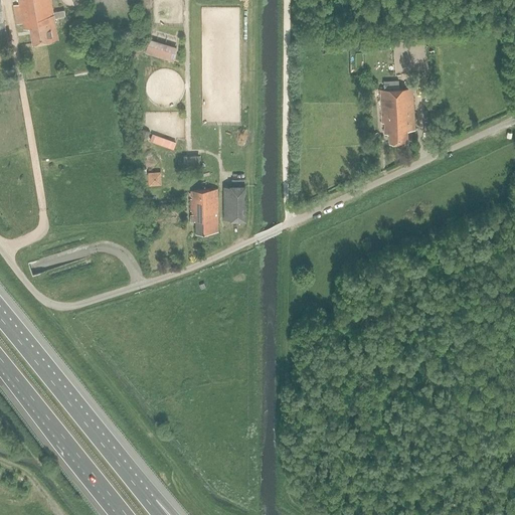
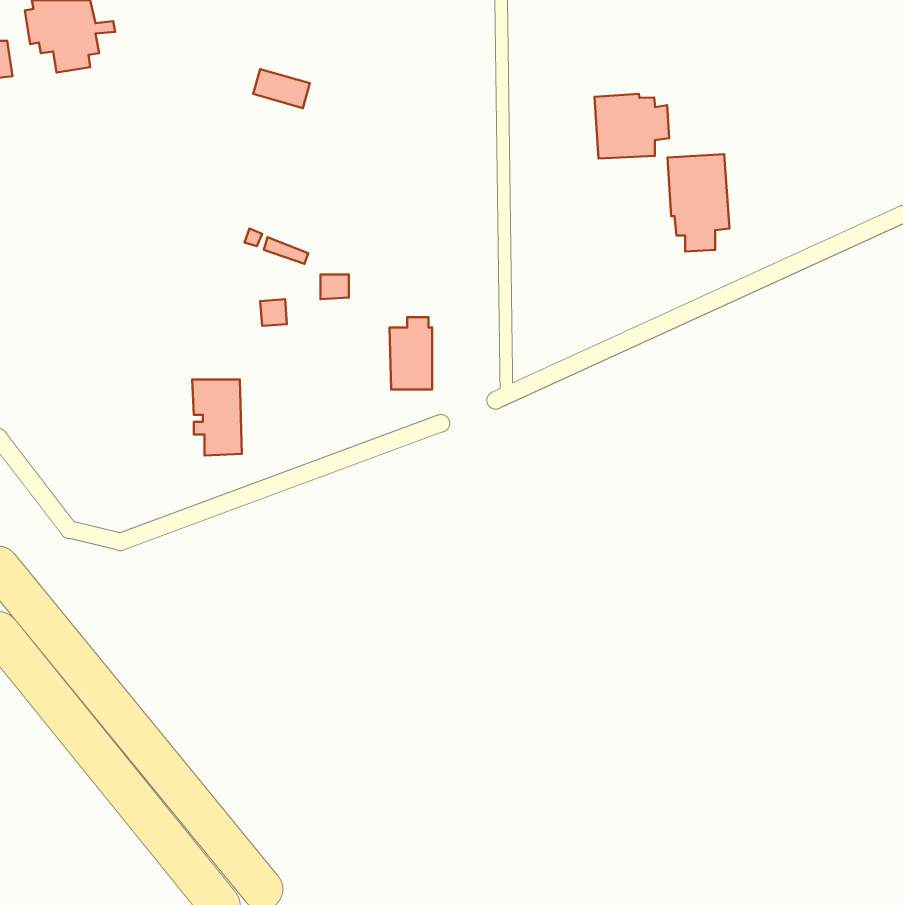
building: none -> [595,94,669,159]
building: [188,190,216,233] -> [192,379,242,456]

